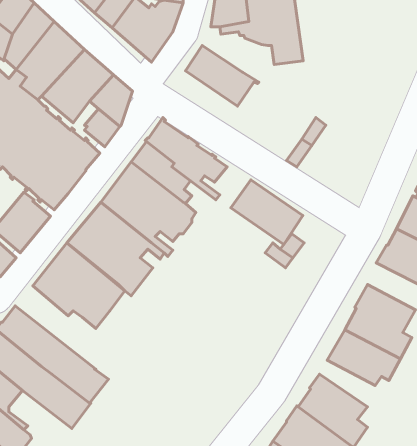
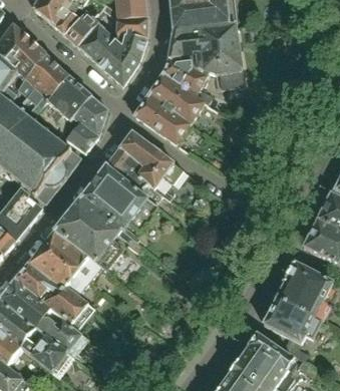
building: none -> [162,57,212,101]
building: [231,180,303,244] -> [133,92,191,143]
building: none -> [14,263,93,329]

